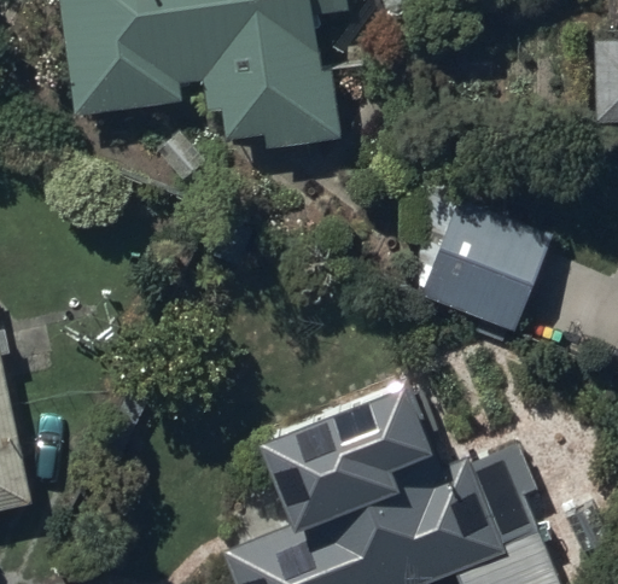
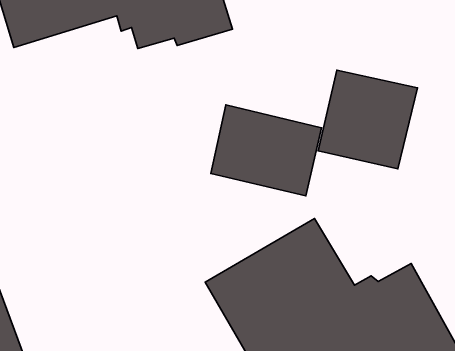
building: none -> [211,105,322,196]

